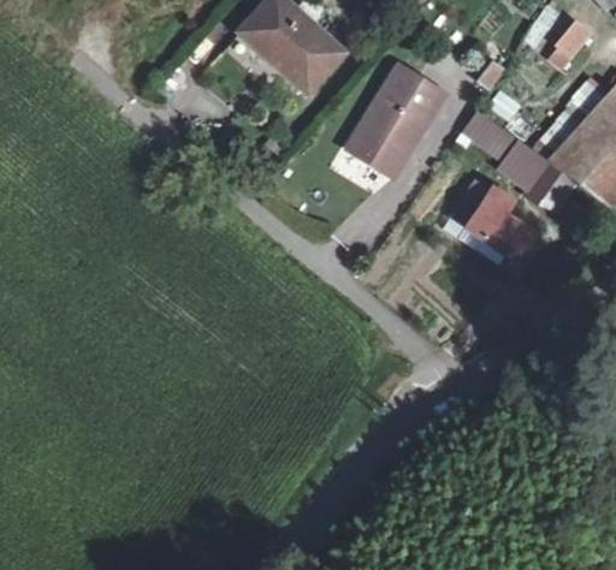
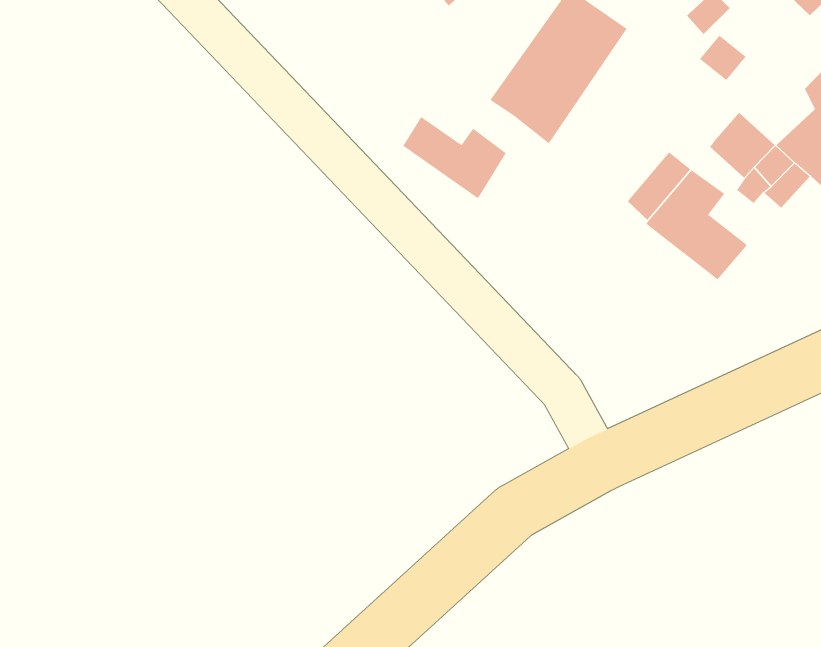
building: [461,108,520,162] -> none
building: none -> [403,116,507,199]

